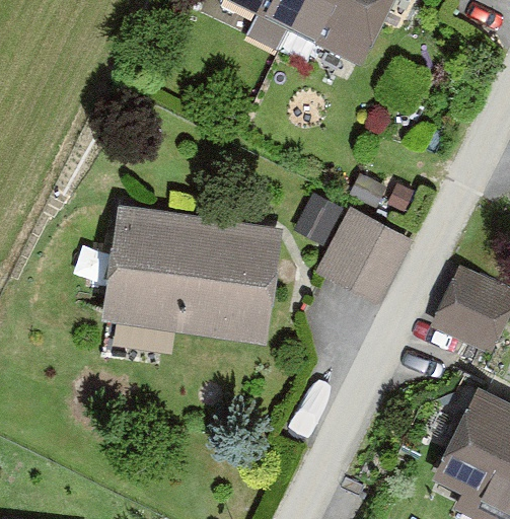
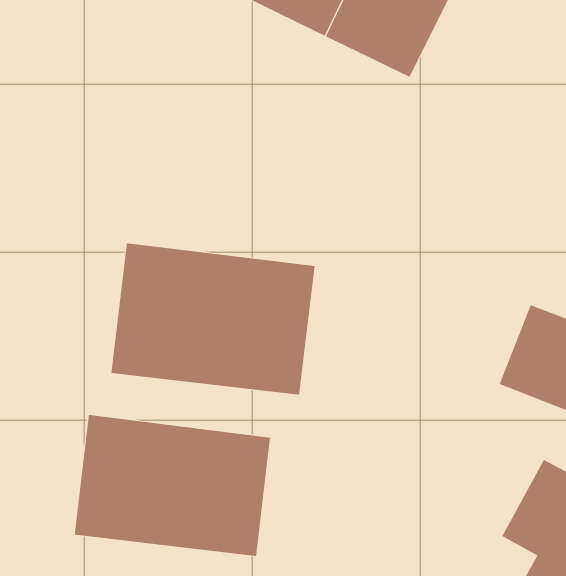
building: [320,207,413,299] -> none
building: none -> [74,414,271,557]

